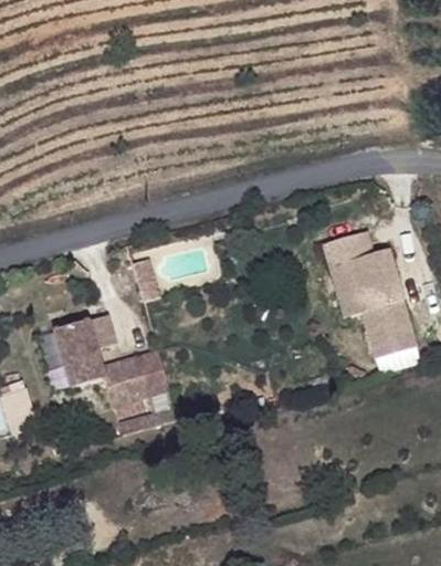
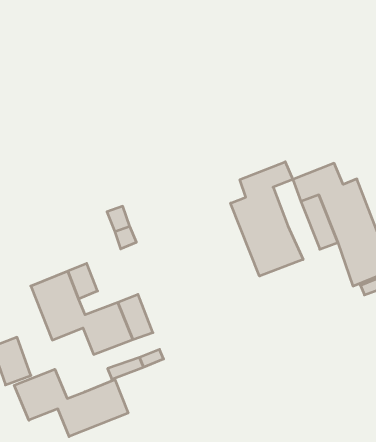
building: none -> [231,162,303,276]
building: none -> [14,369,128,437]

